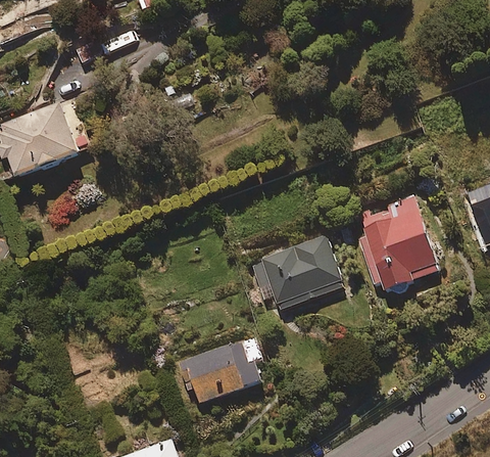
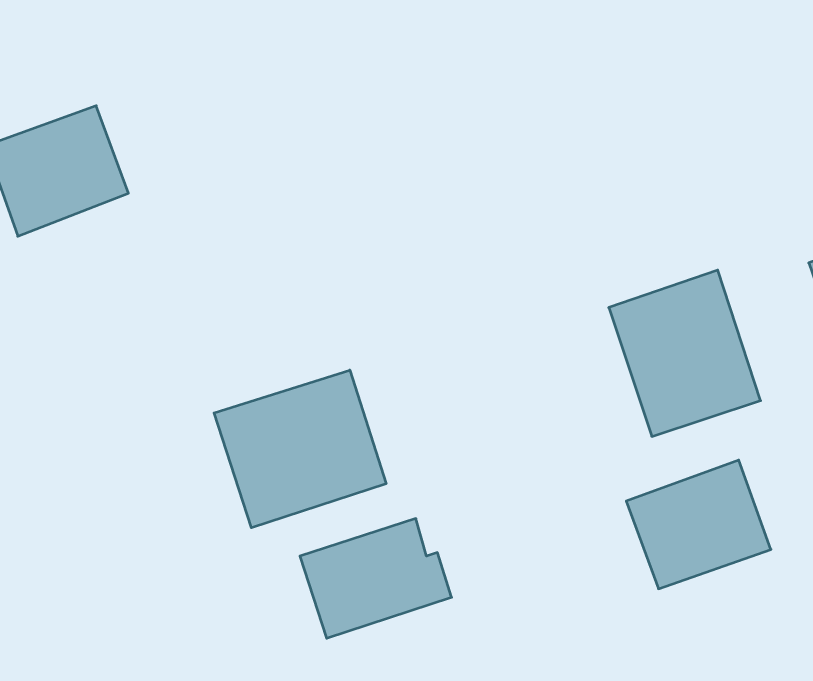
building: [262,236,345,310] -> [626,460,771,589]
building: none -> [214,370,386,528]

